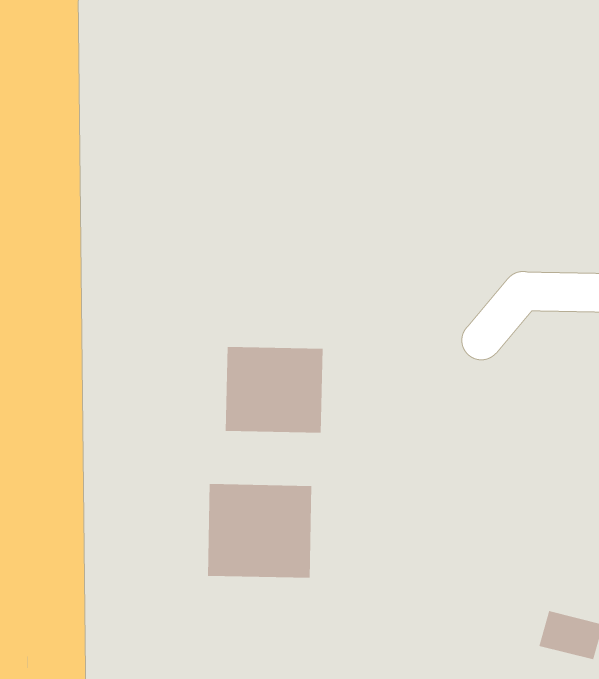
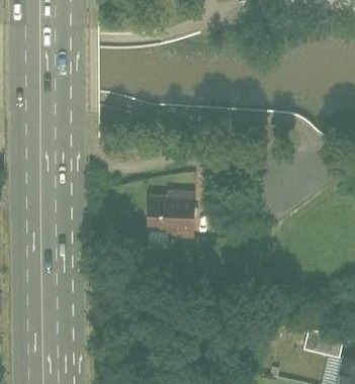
building: [207,483,312,578] -> none

